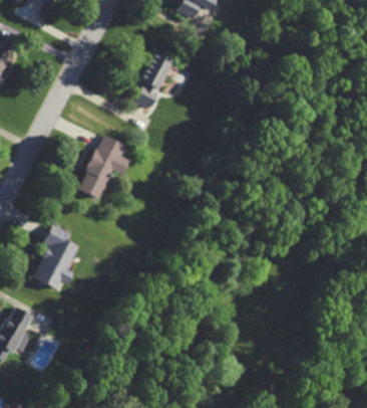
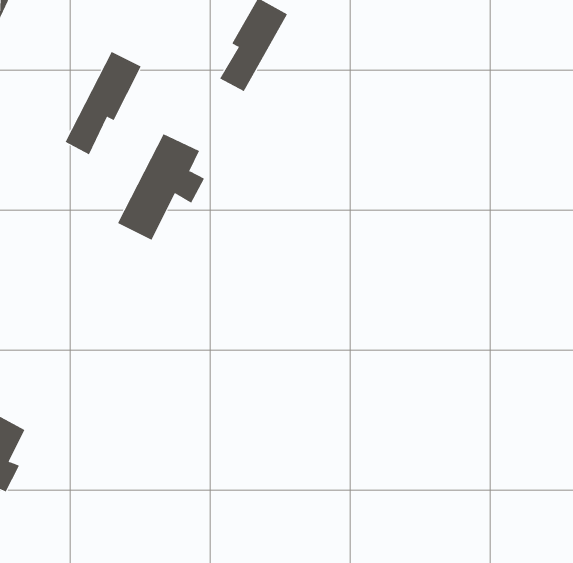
building: none -> [65,51,142,155]
building: [34,223,78,288] -> none

